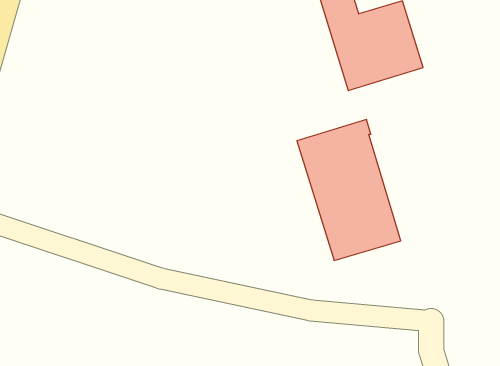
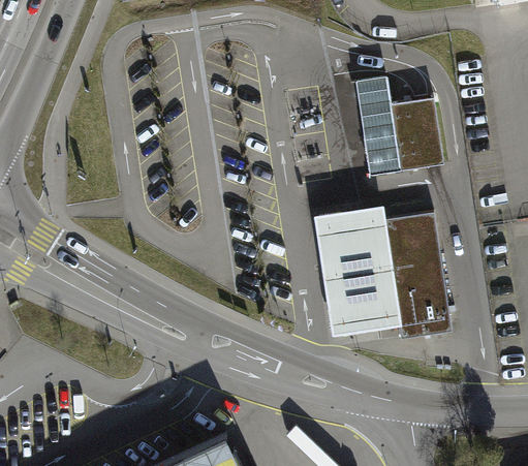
building: none -> [383,214,453,340]

